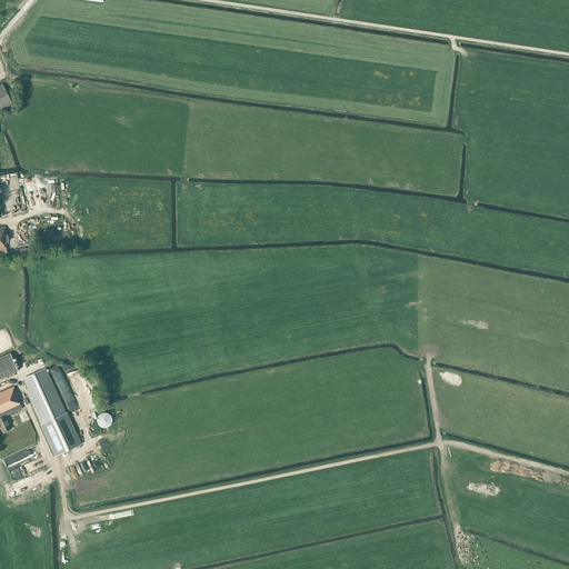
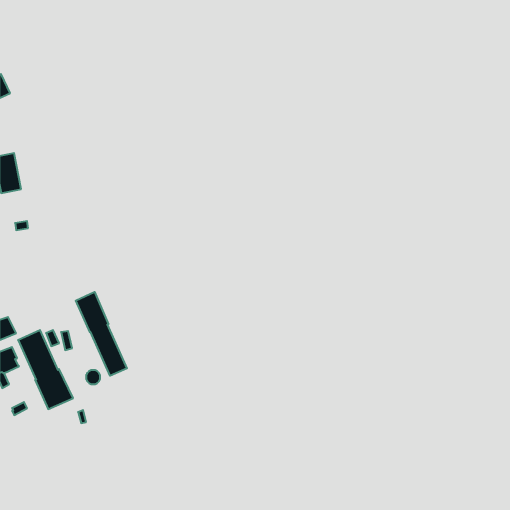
building: none -> [76,292,127,376]

